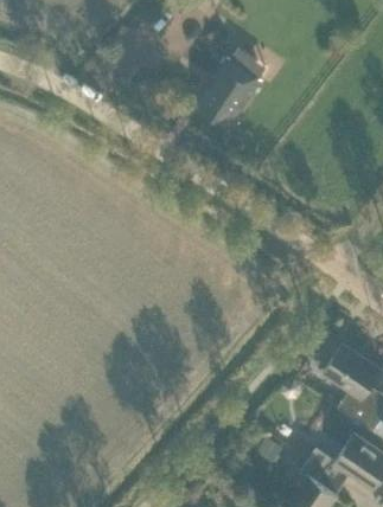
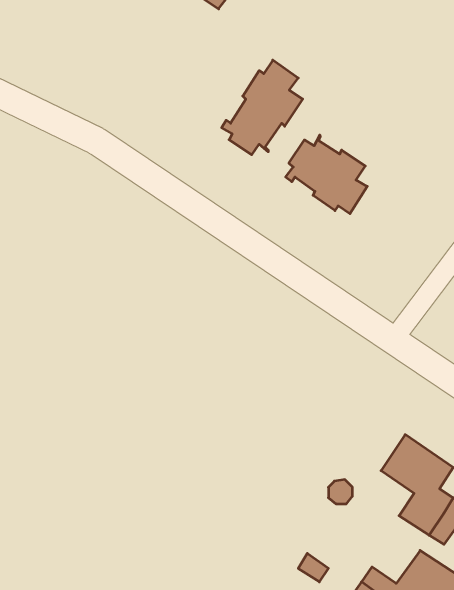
building: none -> [286,135,367,214]

